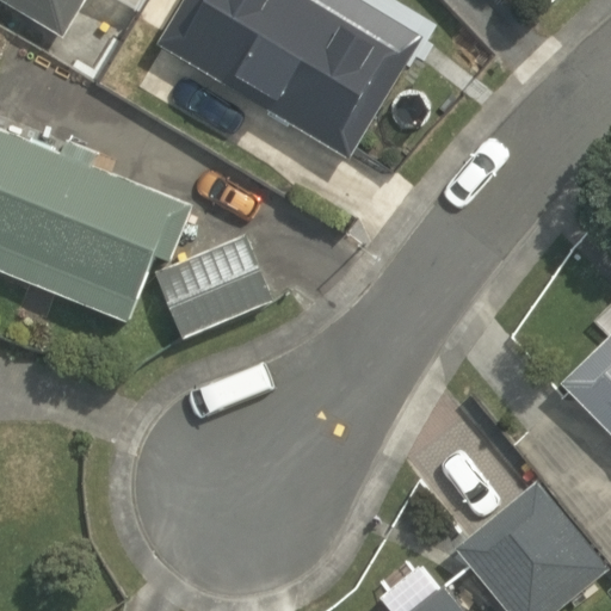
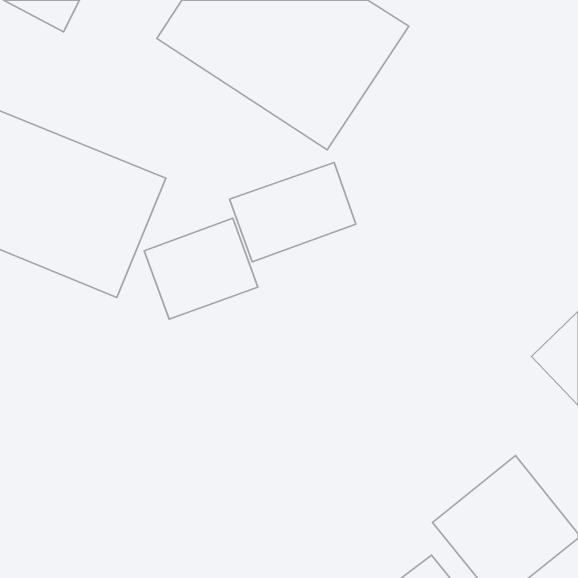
building: none -> [229,162,356,262]

